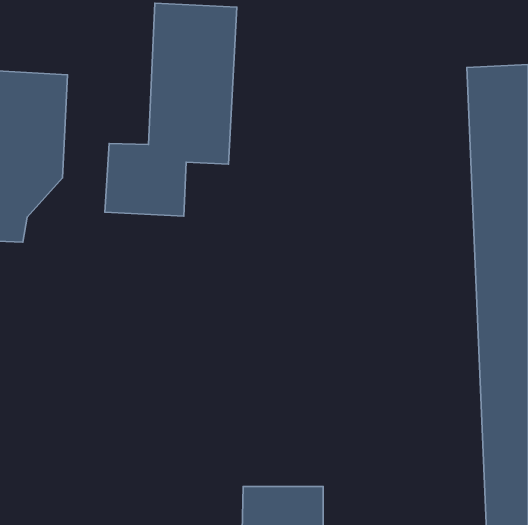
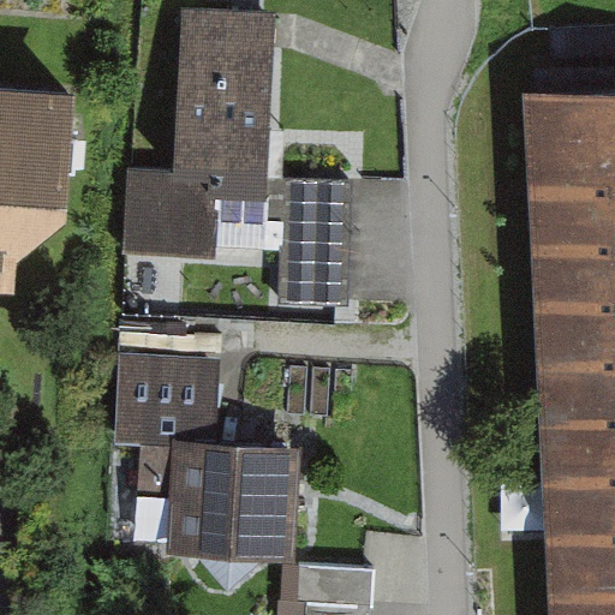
building: none -> [276,179,352,310]
building: none -> [114,357,299,560]

